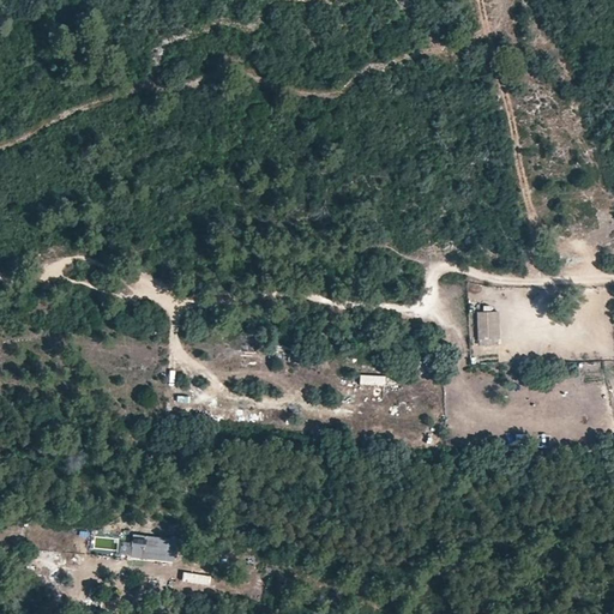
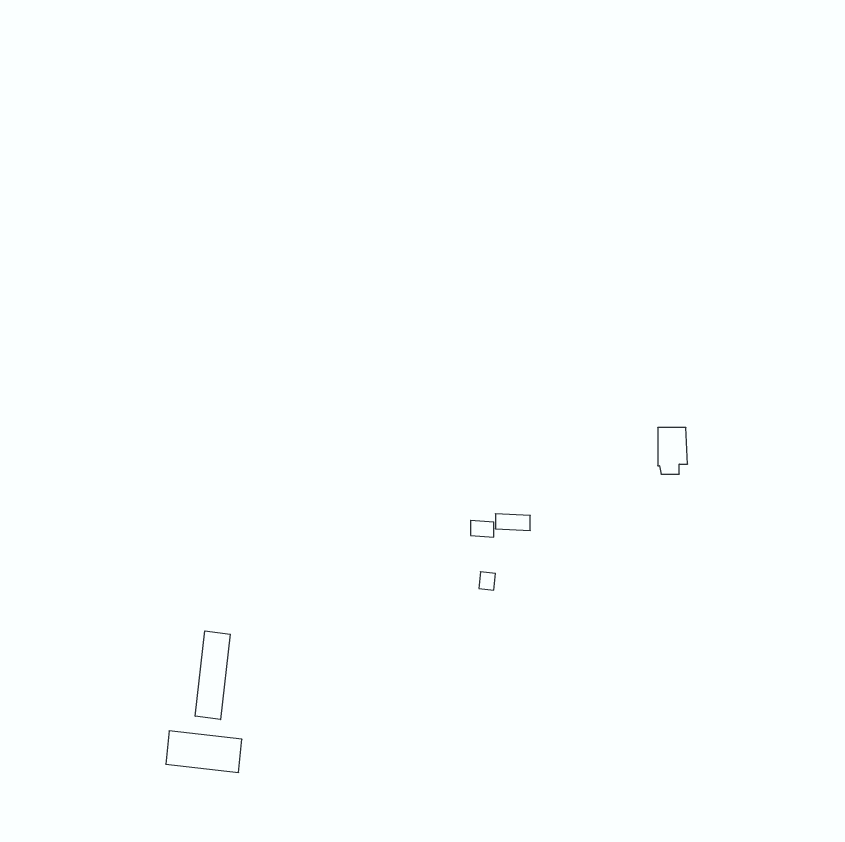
building: none -> [195,631,230,720]

